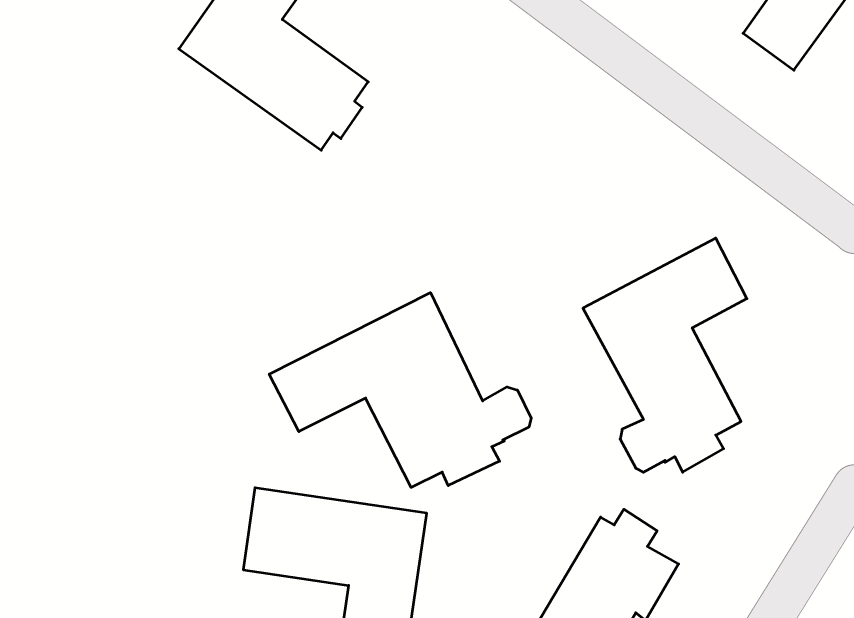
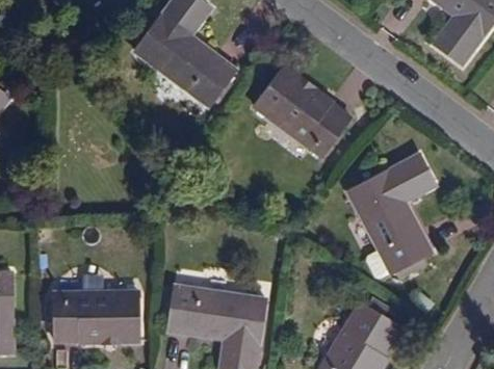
building: none -> [253,69,349,158]
building: [269,293,531,487] -> none
building: none -> [48,292,138,342]

